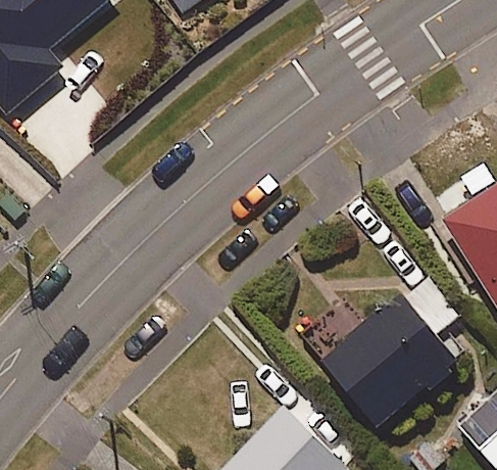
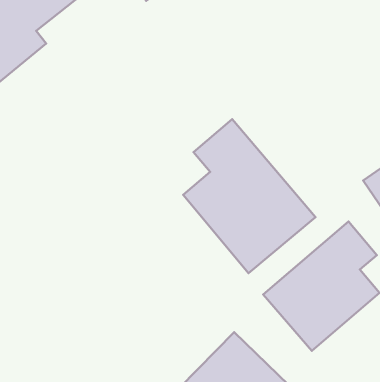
building: none -> [183,119,315,273]

